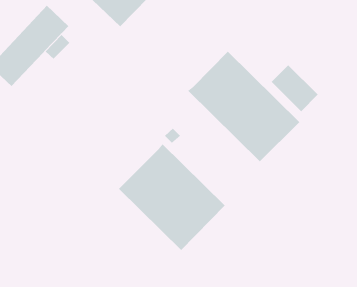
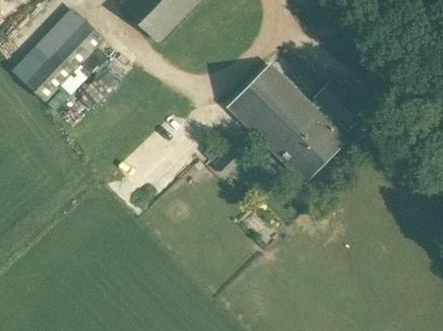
building: [118,143,225,251] -> none

